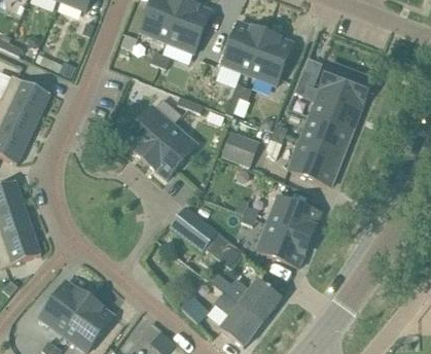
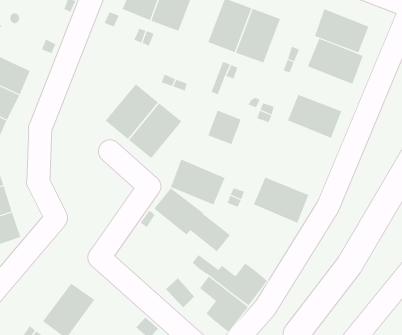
building: [310,87,363,131] -> [314,9,369,53]
building: [288,140,343,184] -> none
building: [256,221,310,267] -> [170,159,225,205]
building: [38,280,89,334] -> none

